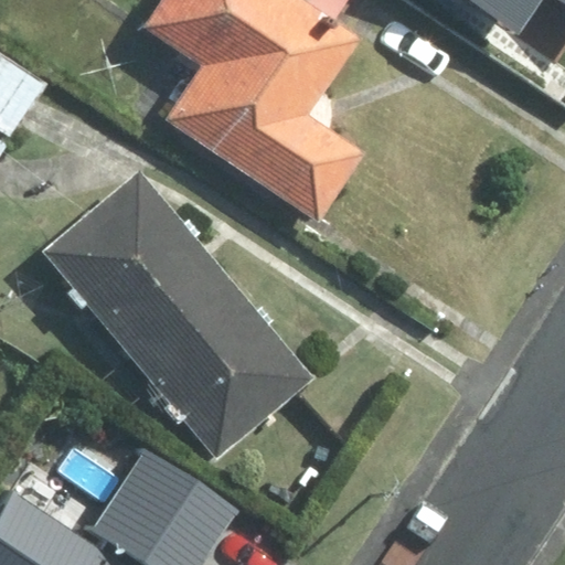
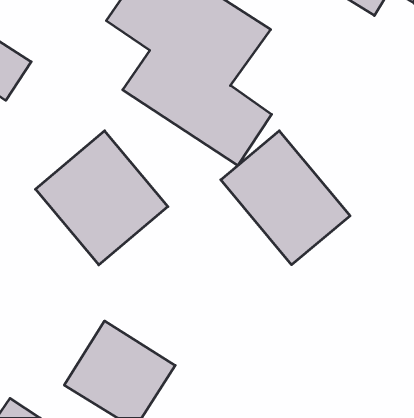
building: none -> [221,131,350,265]
building: [132,277,310,457] -> none

